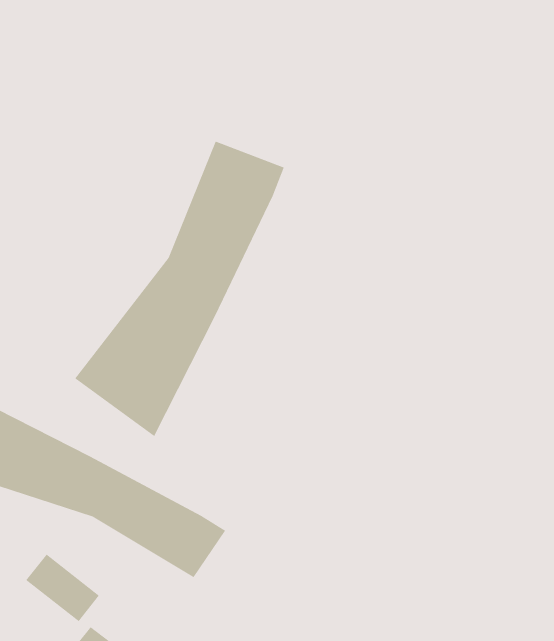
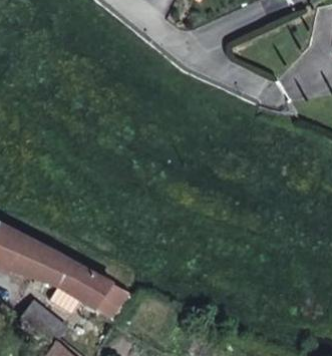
building: [74,141,285,437] -> none

